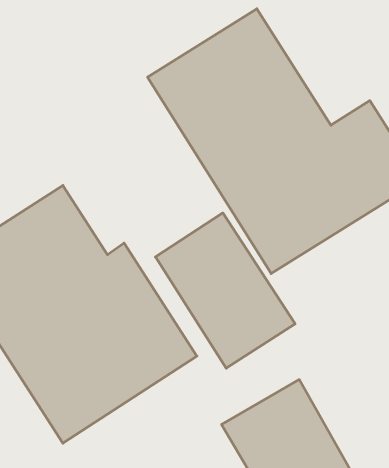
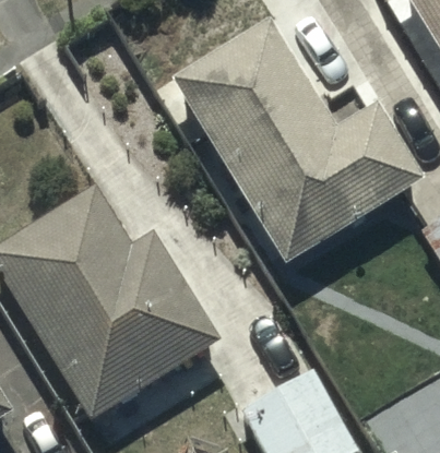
building: [155,213,295,368] -> none

